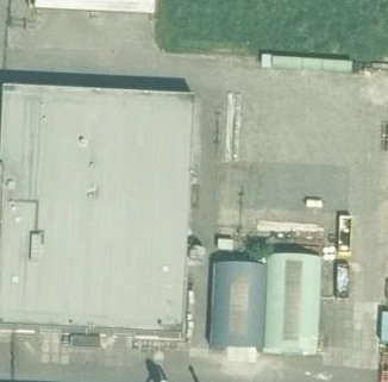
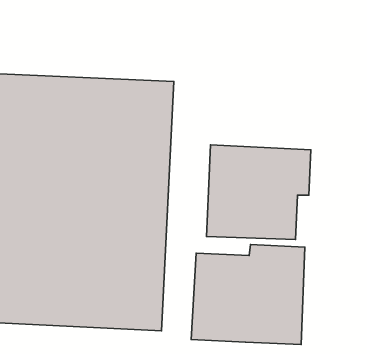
building: none -> [206,145,311,239]

